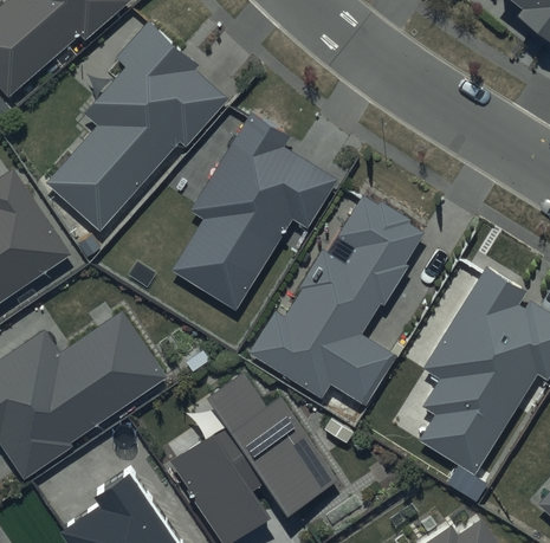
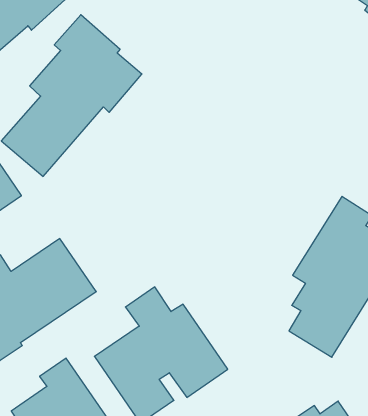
building: [173,104,338,303] -> none
building: [251,186,423,395] -> none

